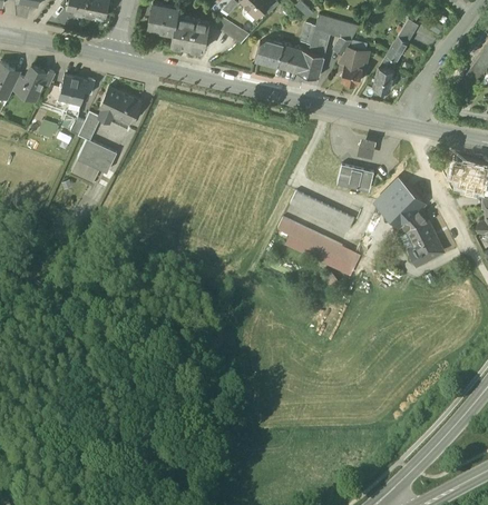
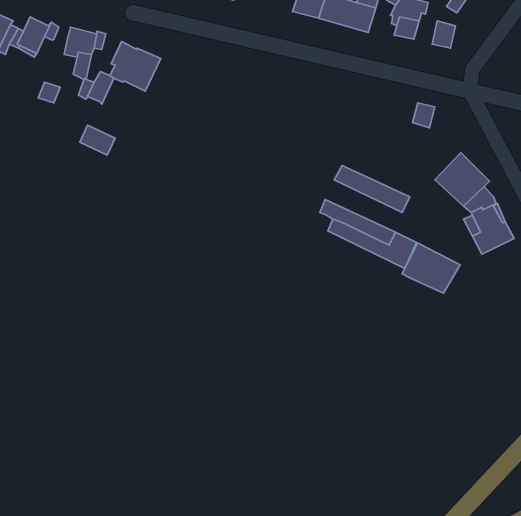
building: [79,136,118,170] -> none
building: [336,161,373,189] -> none
building: none -> [402,243,460,293]

